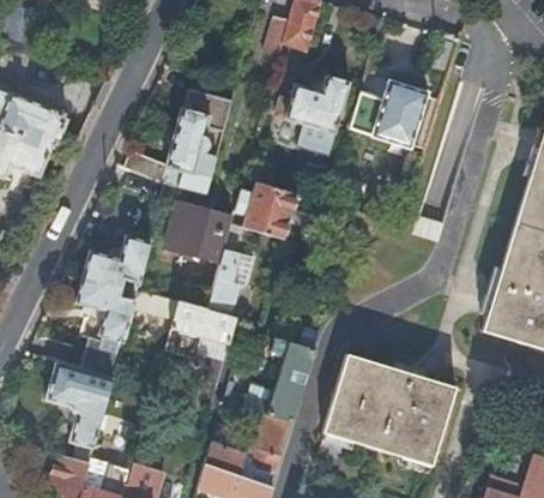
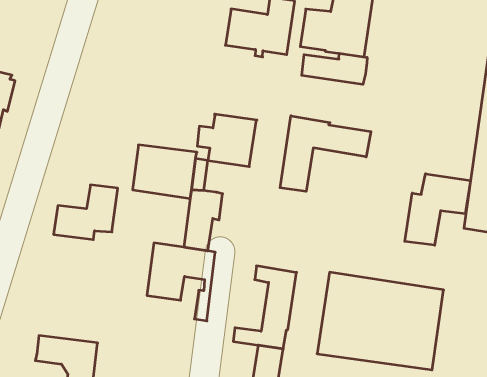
building: [125,85,234,194] -> none
building: none -> [302,53,367,84]
building: none -> [280,116,371,191]
building: none -> [405,174,471,245]
building: [74,276,134,374] -> none

